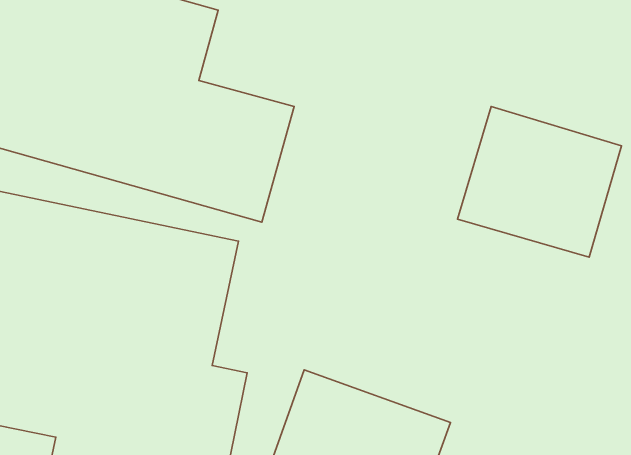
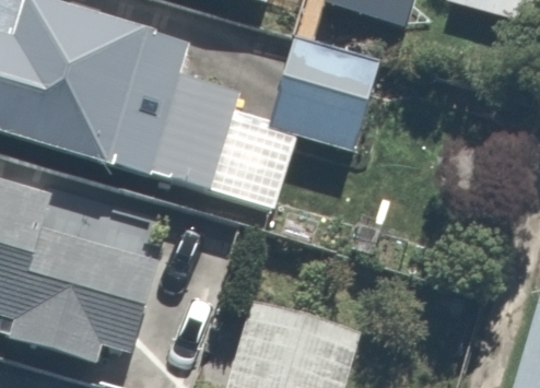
building: [458,106,621,257] -> [265,33,387,145]

